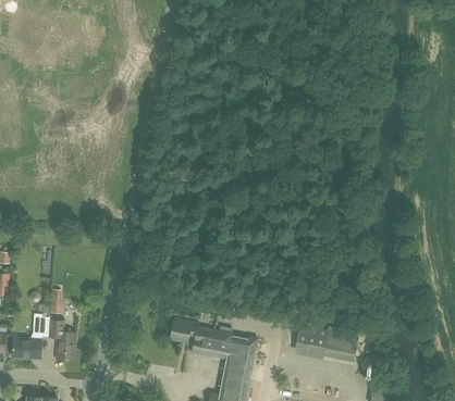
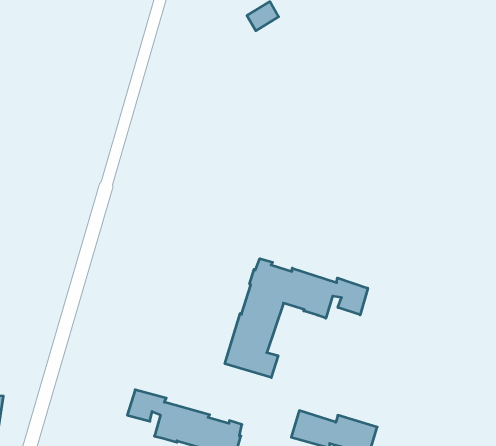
building: none -> [225,259,368,378]

